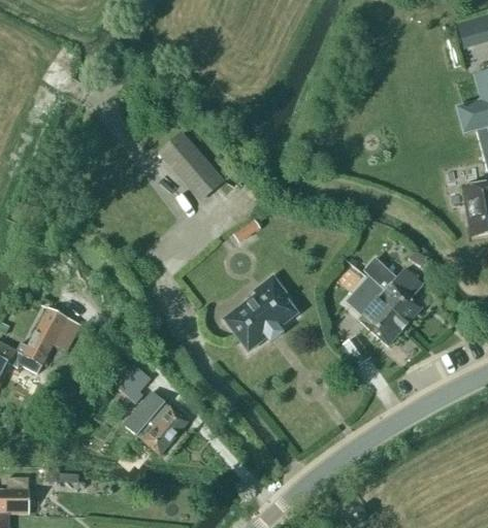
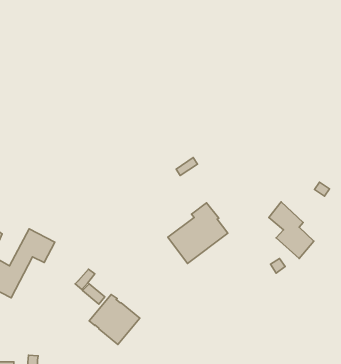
building: [157,130,223,200] -> none
building: [362,256,422,323] -> none

